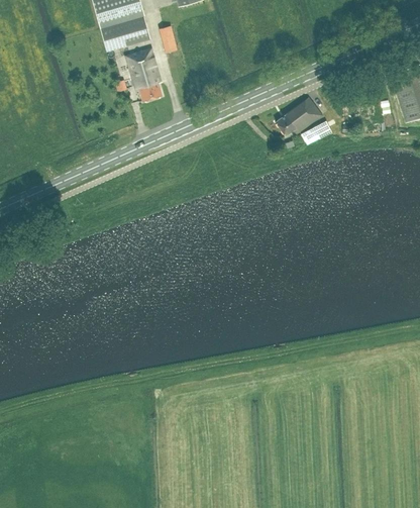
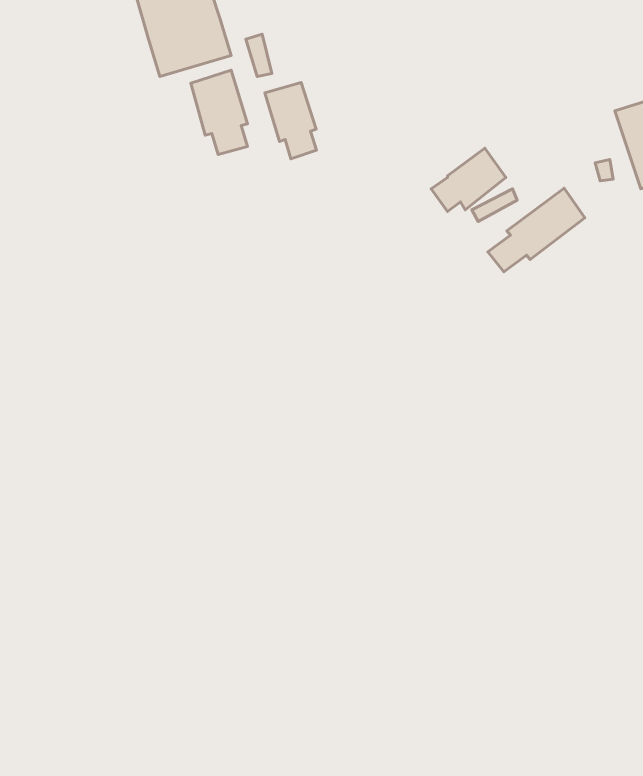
building: none -> [265,82,316,159]
building: none -> [488,188,585,272]

